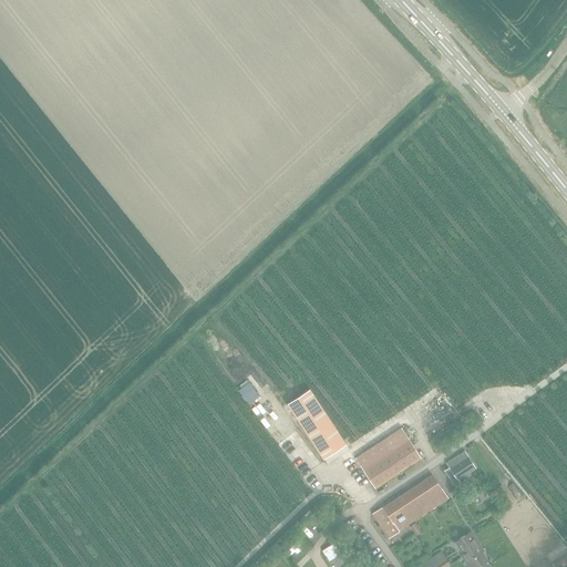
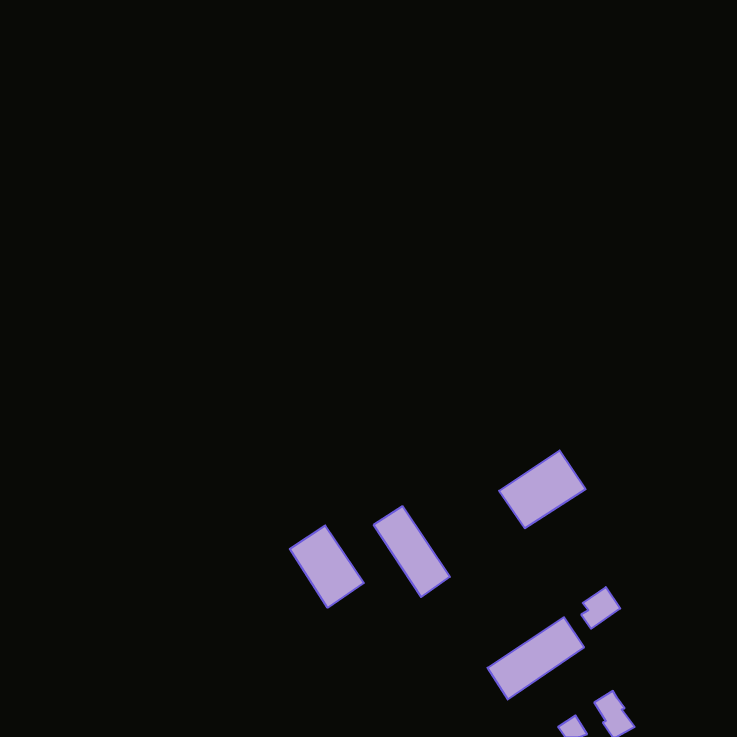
building: none -> [290,525,364,608]
building: [354,427,421,487] -> [499,450,586,528]

